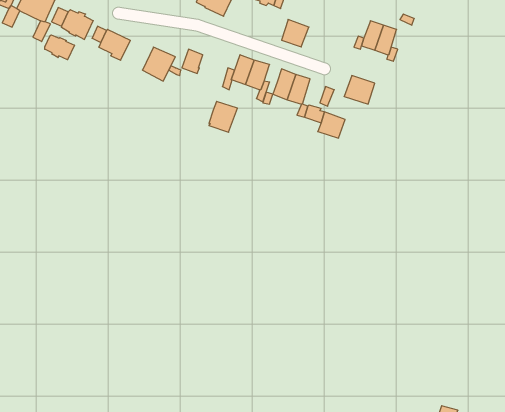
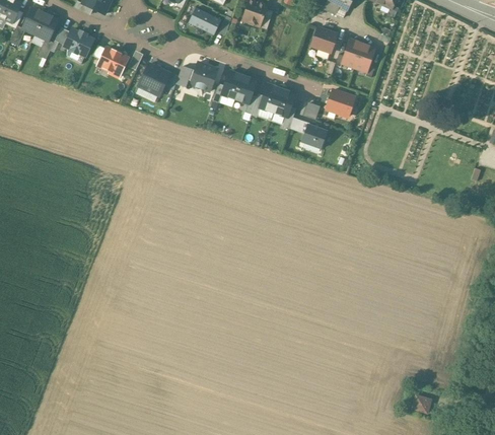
building: [282,19,309,47] -> [311,27,337,53]
building: [45,35,74,60] -> none
building: [209,101,237,132] -> [191,63,217,91]

